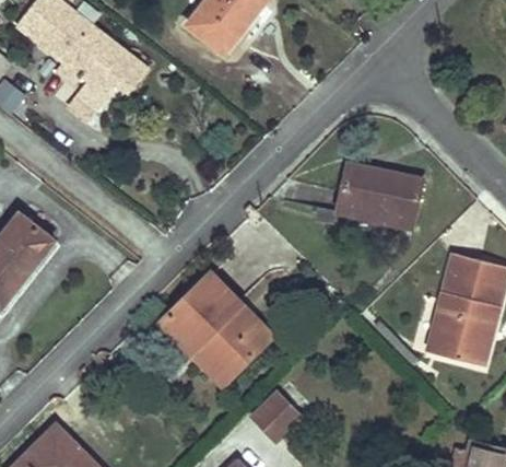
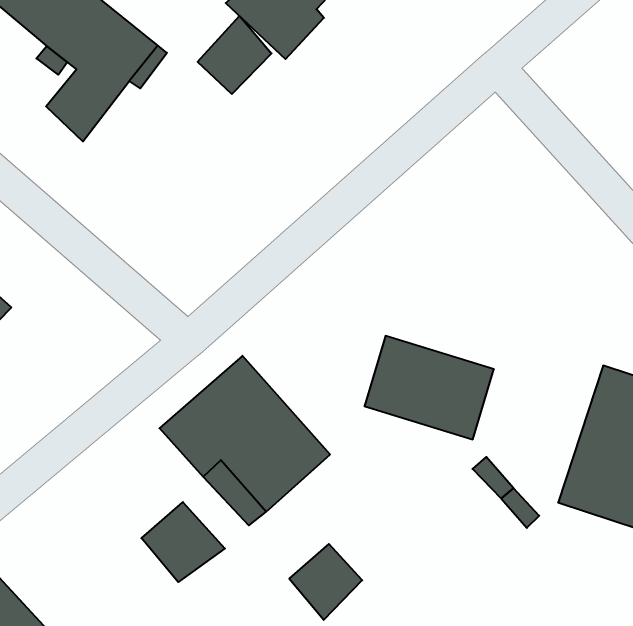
building: none -> [198,16,272,94]
building: [333,161,419,226] -> [364,336,494,439]
building: none -> [141,502,225,582]

